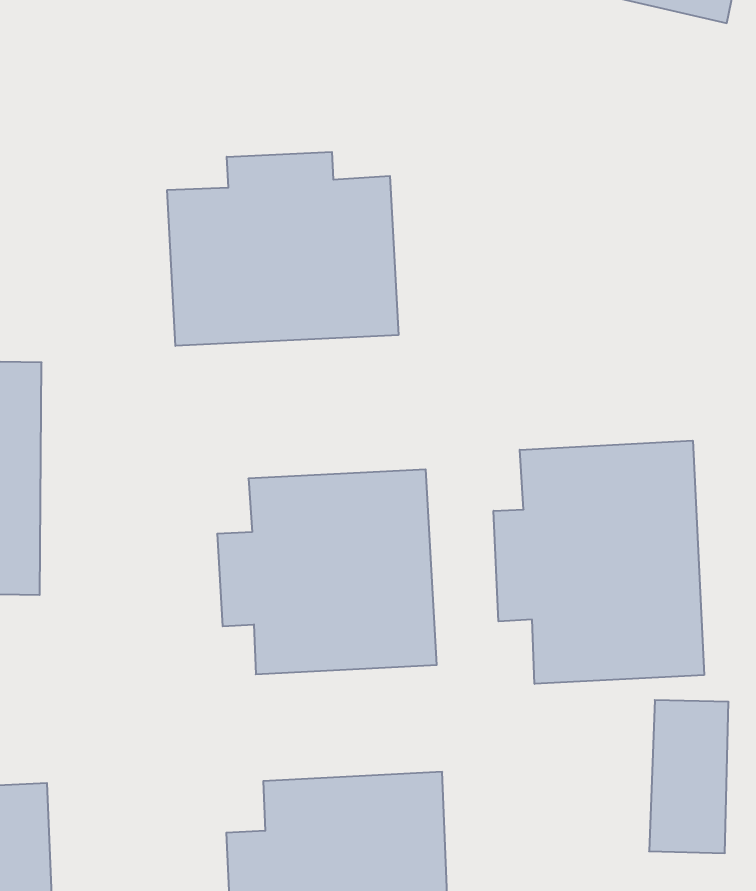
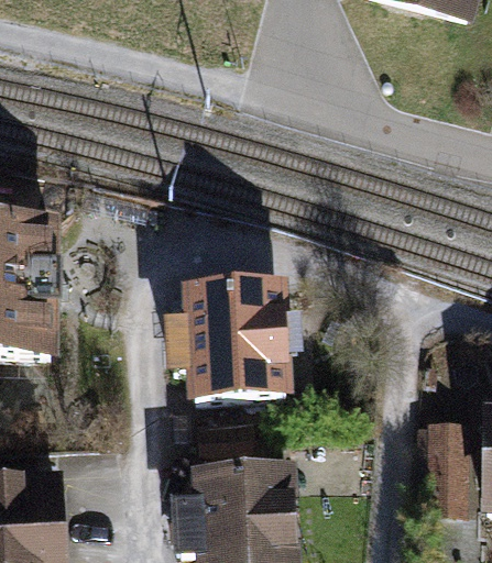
building: [167,152,398,346] -> none
building: [494,441,704,684] -> none

